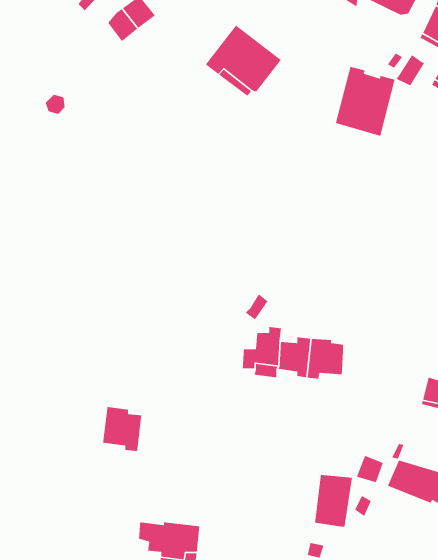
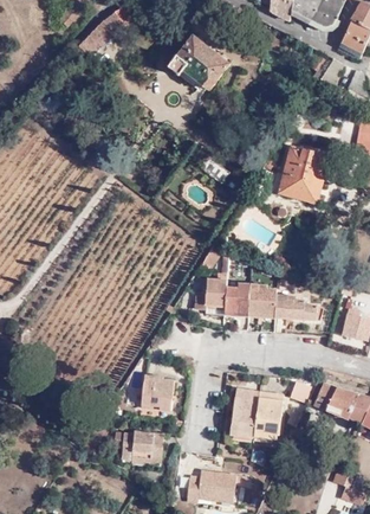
building: [335,66,396,137] -> [279,144,327,201]
building: none -> [275,296,319,323]
building: [102,406,142,452] -> [142,375,174,412]
building: none -> [232,391,259,435]

